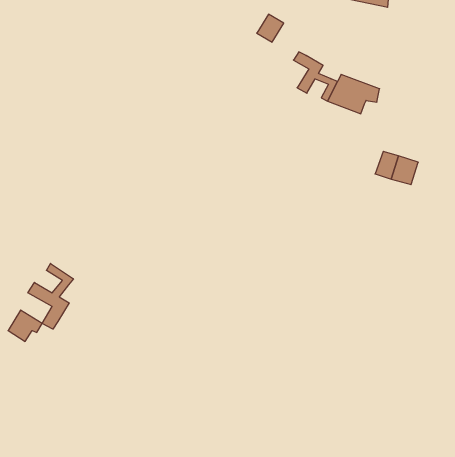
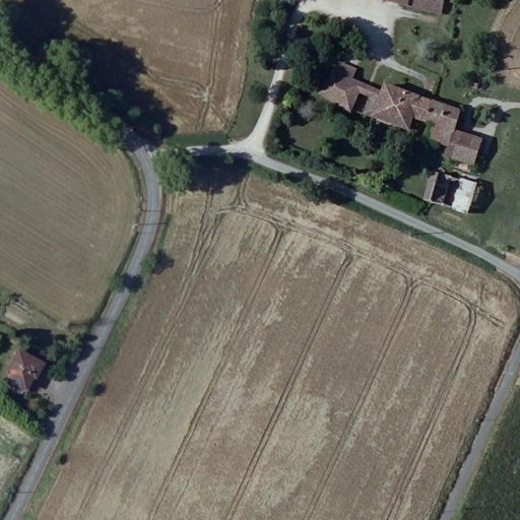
building: [257,14,284,42] -> [319,68,349,100]
building: none -> [412,101,479,161]
building: [28,263,73,329] -> none

